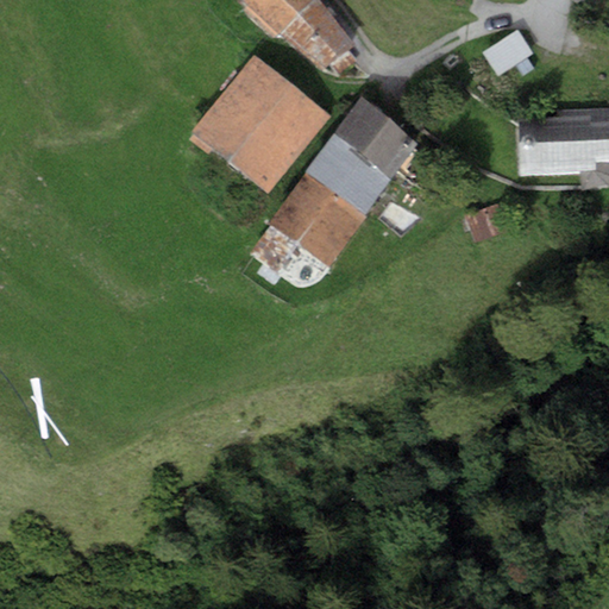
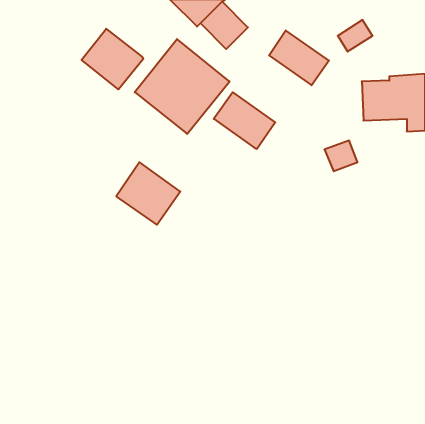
building: none -> [82,29,143,89]
building: [333,96,419,175] -> [269,30,329,85]
building: [272,170,364,259] -> [116,162,180,225]

